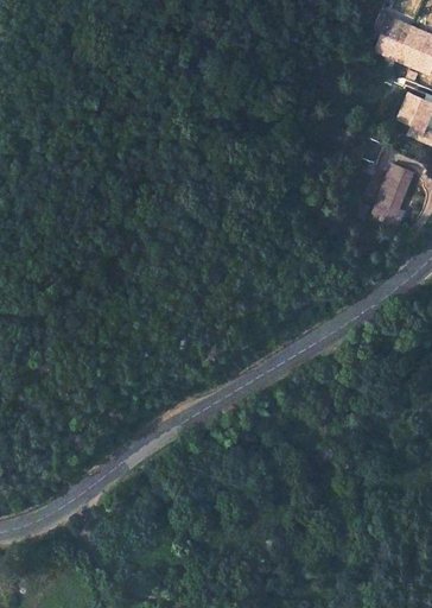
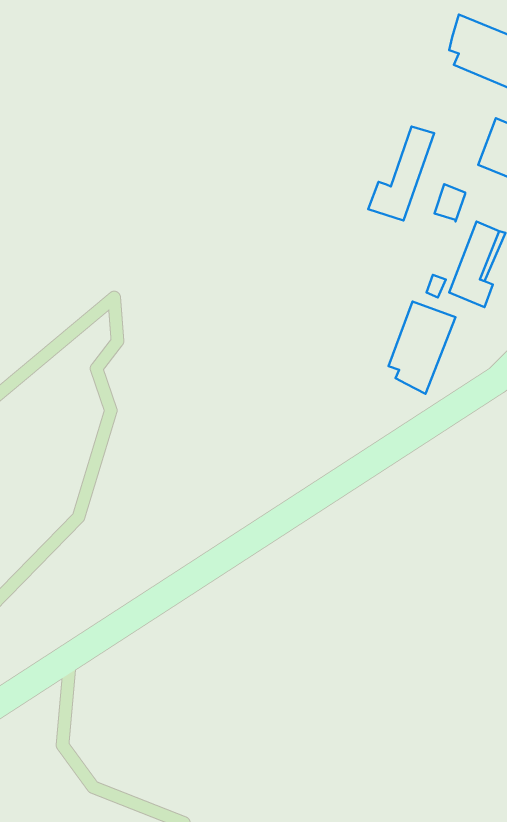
building: none -> [368,126,434,221]
building: none -> [389,301,455,394]

